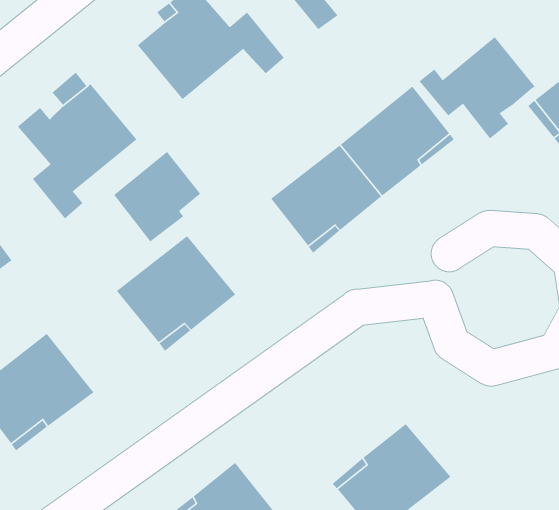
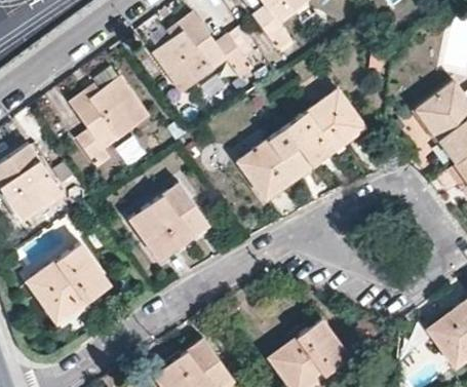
building: [419,36,536,139] -> none
building: [113,151,201,243] -> none

